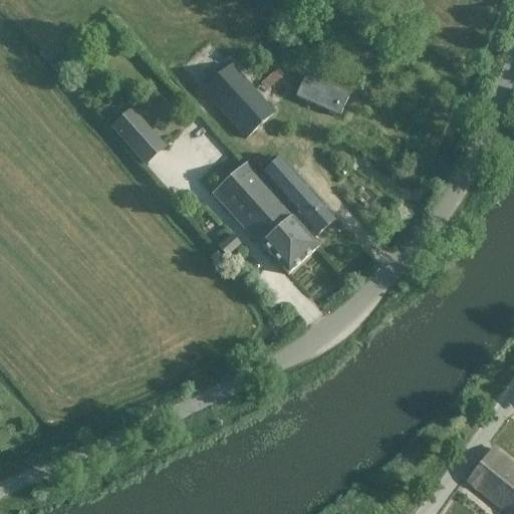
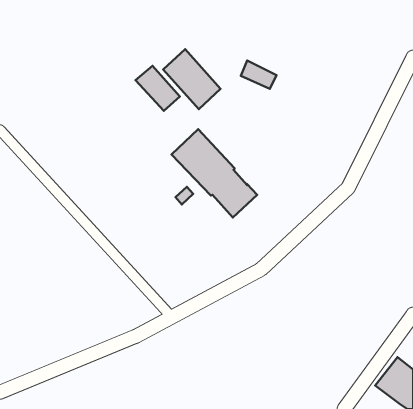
building: [110,107,166,164] -> [136,66,180,111]
building: [261,154,336,231] -> none

